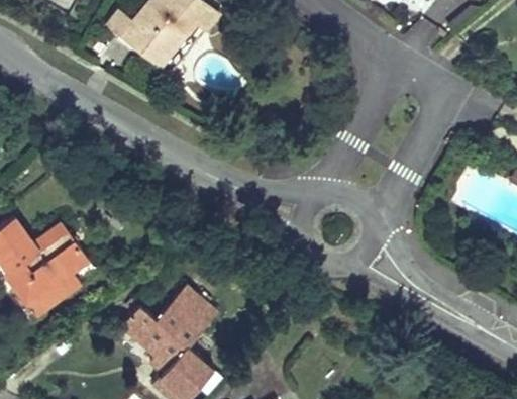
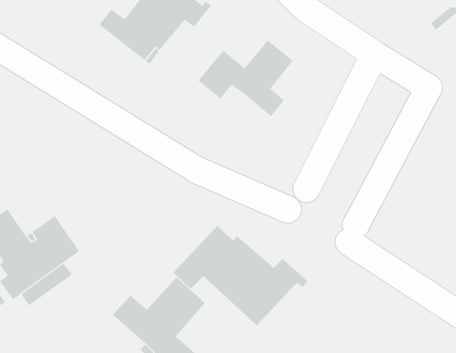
building: none -> [197,40,294,117]
building: none -> [172,225,308,326]

